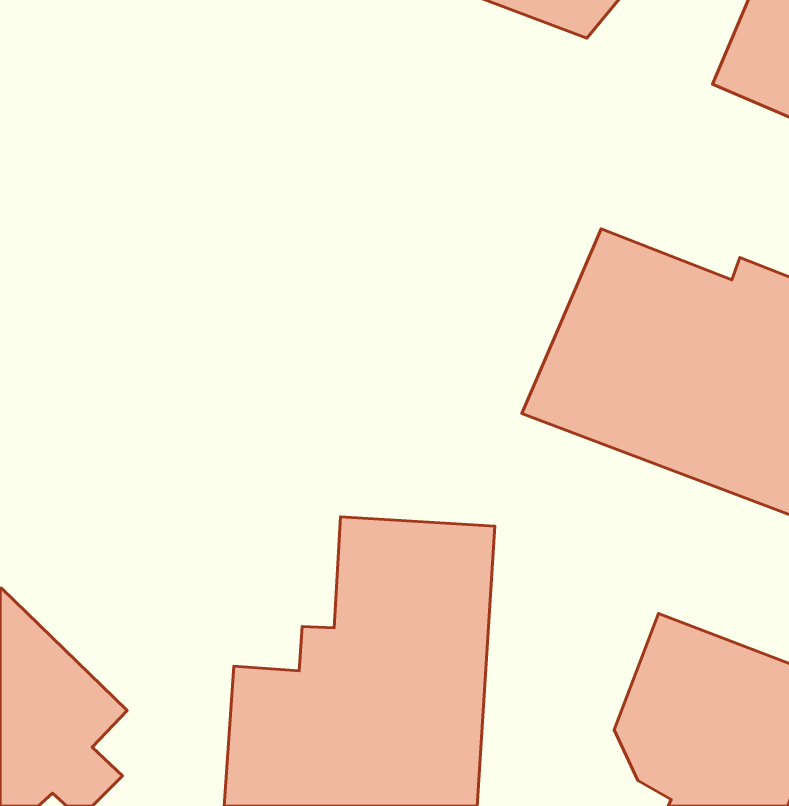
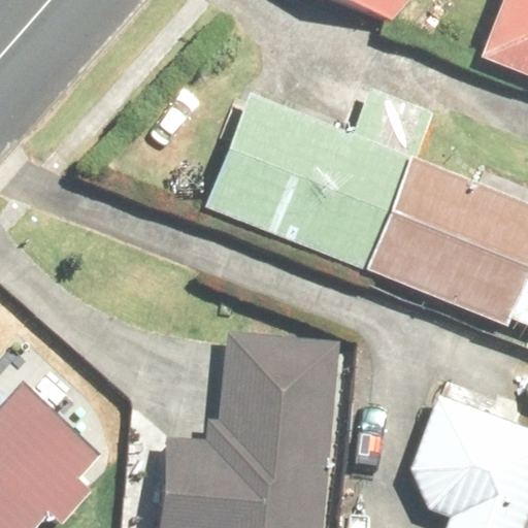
building: none -> [203,90,405,268]

